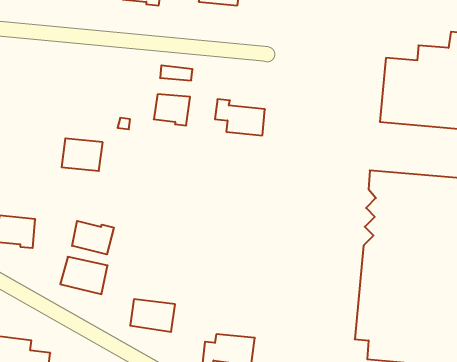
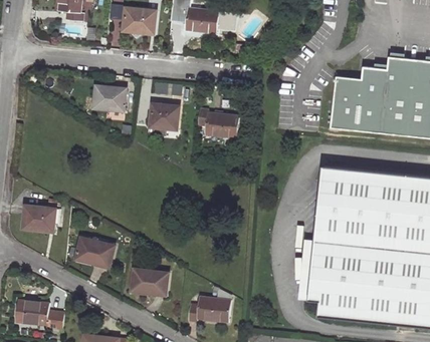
building: [62,138,103,171] -> [93,85,127,111]
building: [72,221,114,254] -> none

